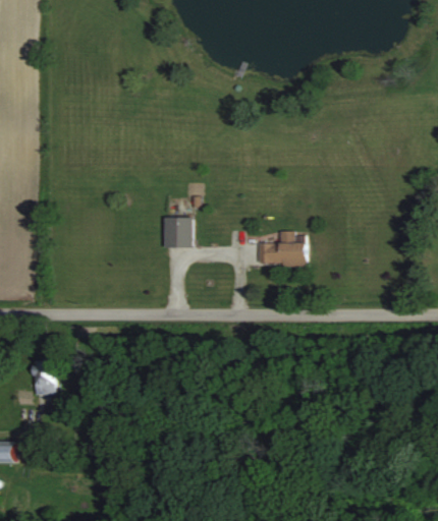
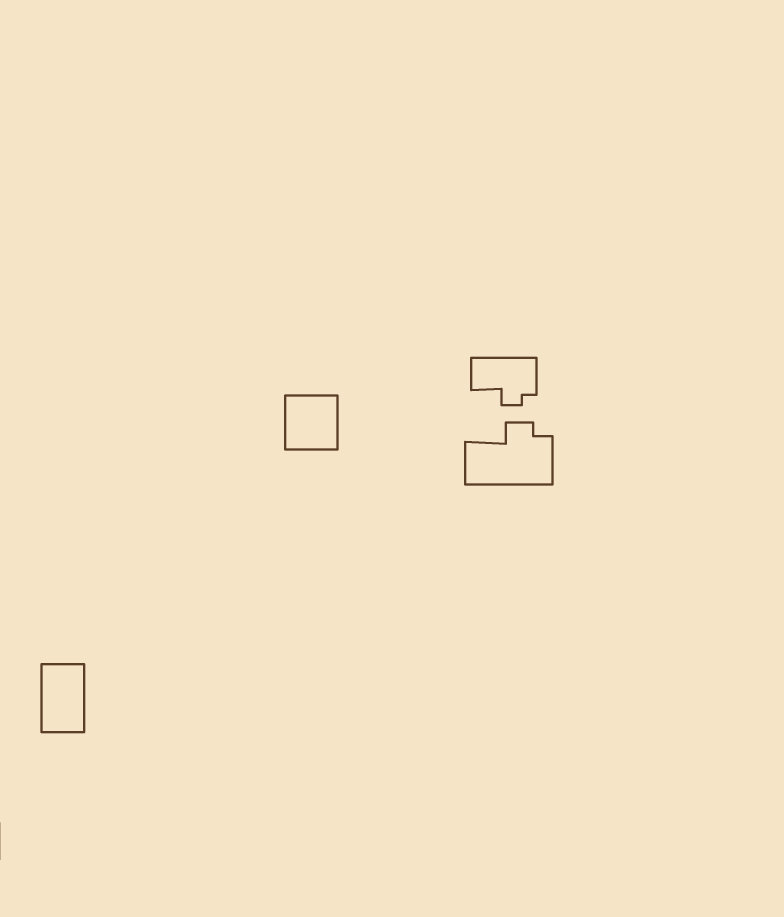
building: none -> [471,358,536,405]

